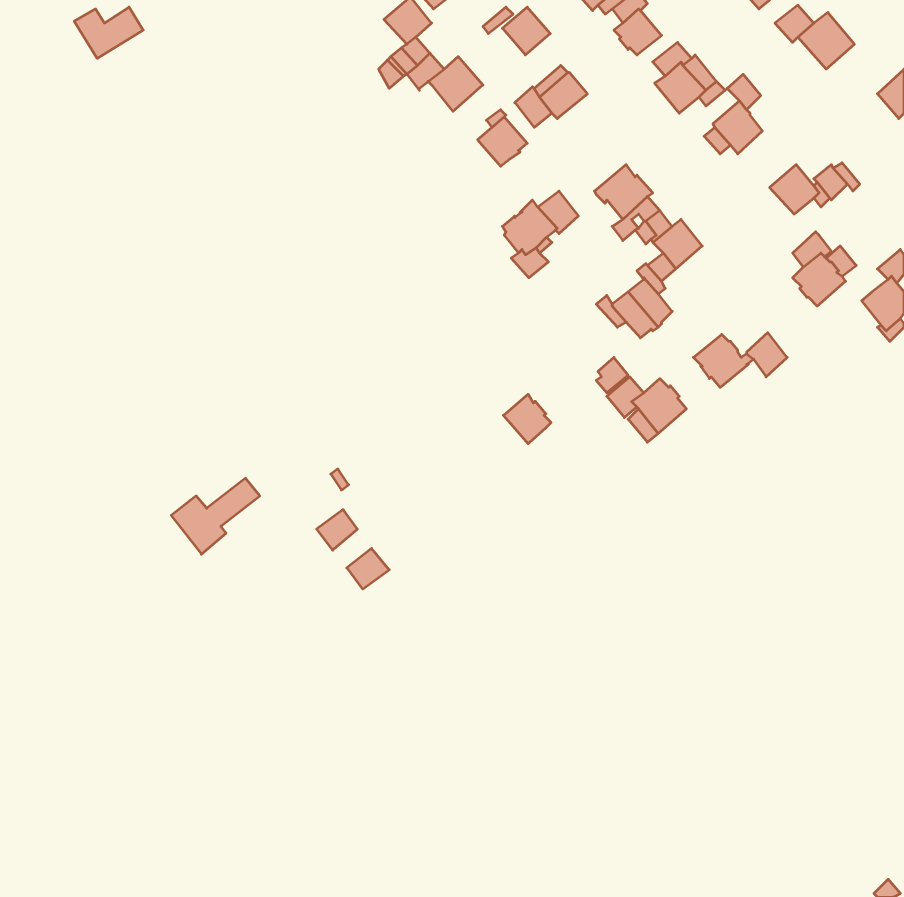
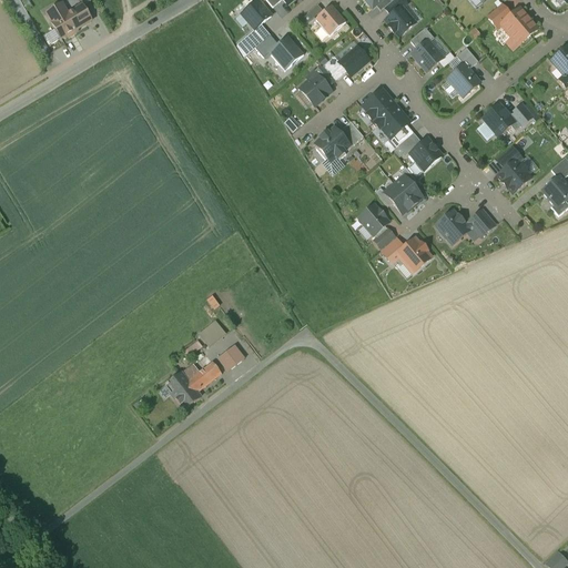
building: none -> [363,89,393,120]
building: [503,394,551,444] -> [358,203,388,234]
building: [171,478,260,554] -> [164,361,220,408]

